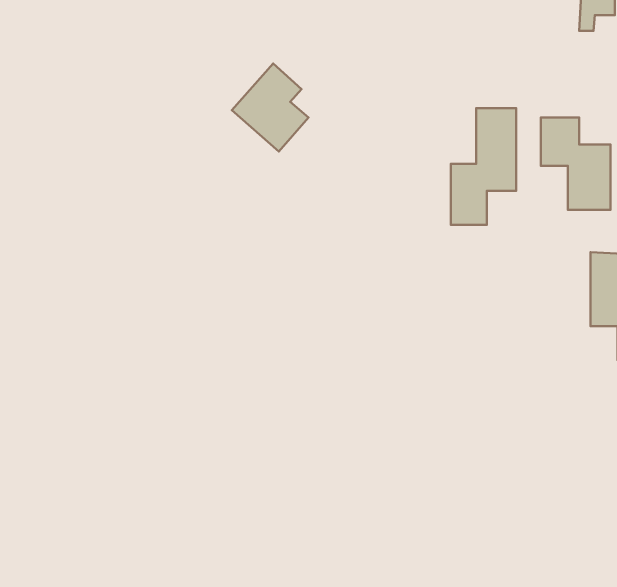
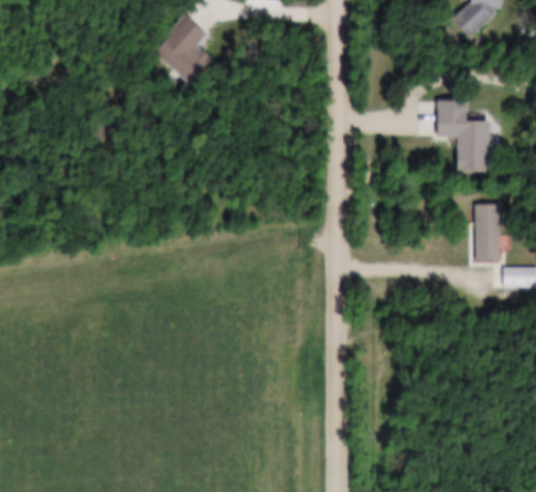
building: [232,63,309,151] -> [153,14,213,83]
building: [451,108,516,225] -> none

